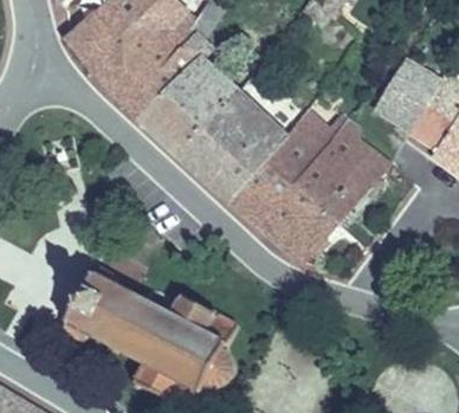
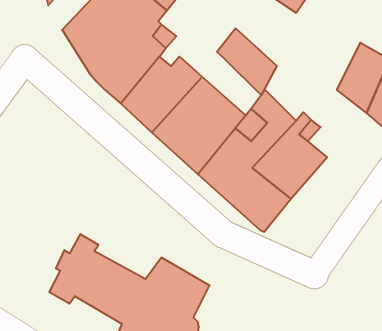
building: none -> [217,28,277,95]

